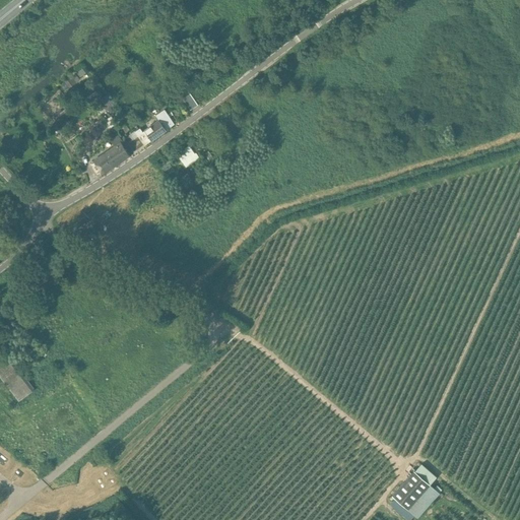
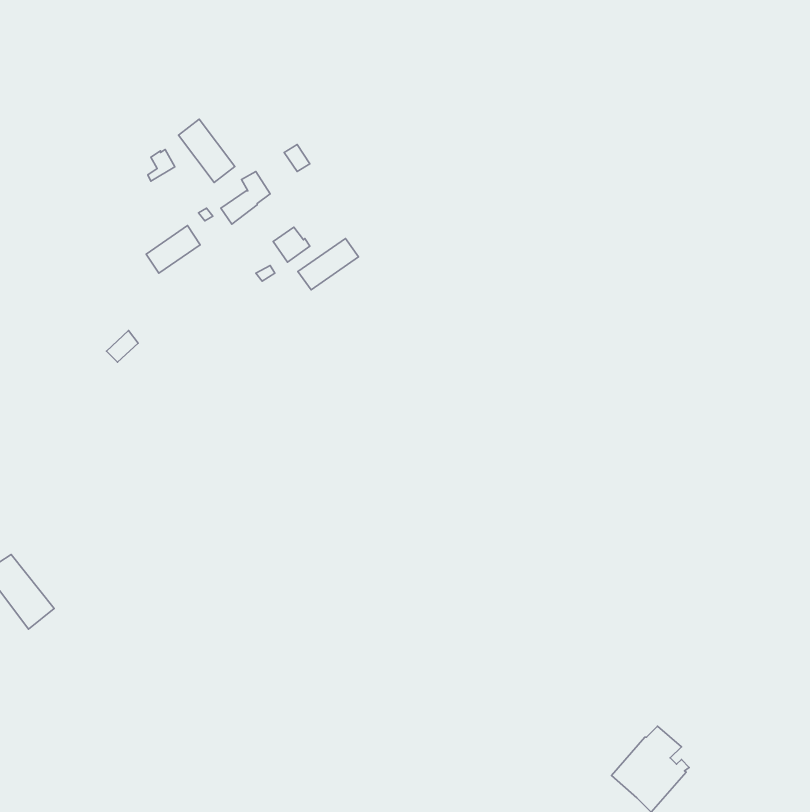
building: none -> [179,119,235,183]
building: none -> [298,239,359,290]

